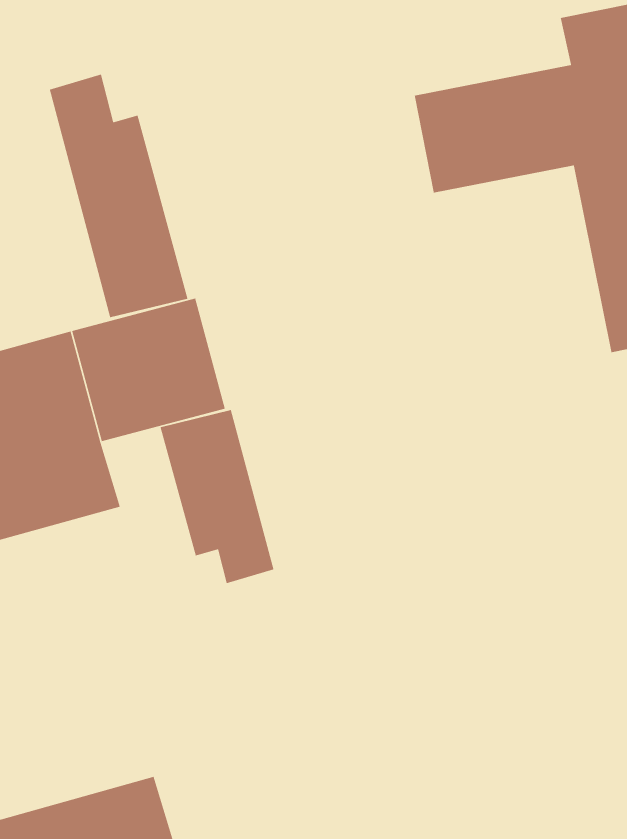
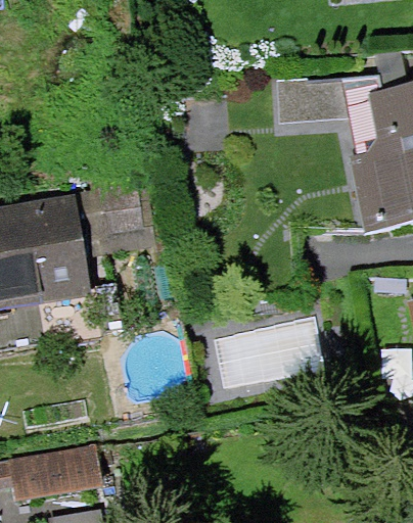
building: [49,73,189,318] -> none
building: [159,409,274,584] -> none

